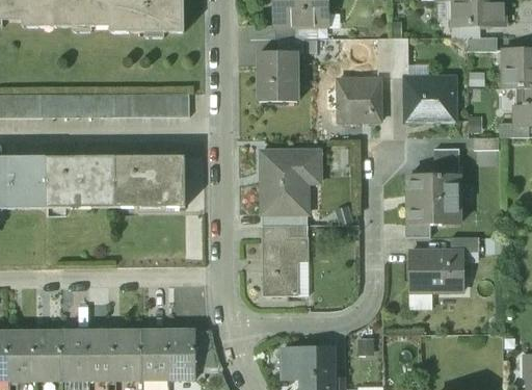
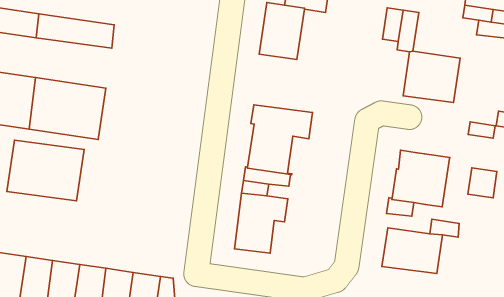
building: [337,78,379,121] -> none
building: [114,93,189,116] -> none
building: [433,148,458,174] -> [468,168,497,198]
building: [115,155,184,207] -> [7,140,84,201]

